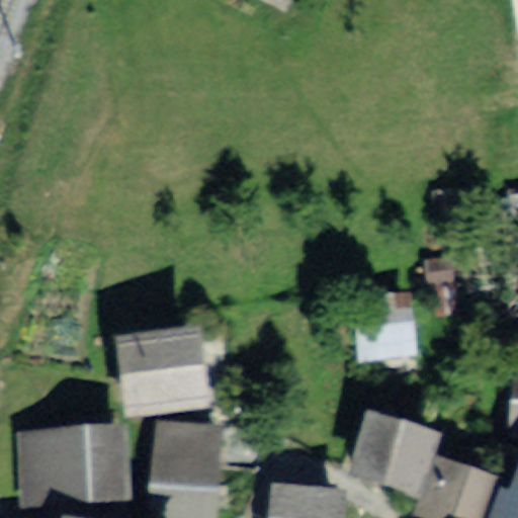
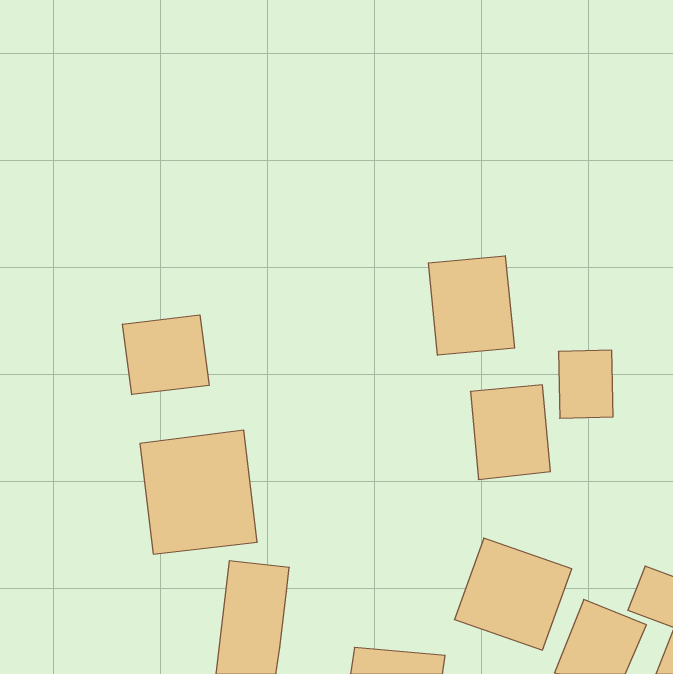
building: none -> [428,256,515,355]
building: none -> [123,315,209,395]
building: [18,428,126,496] -> none

